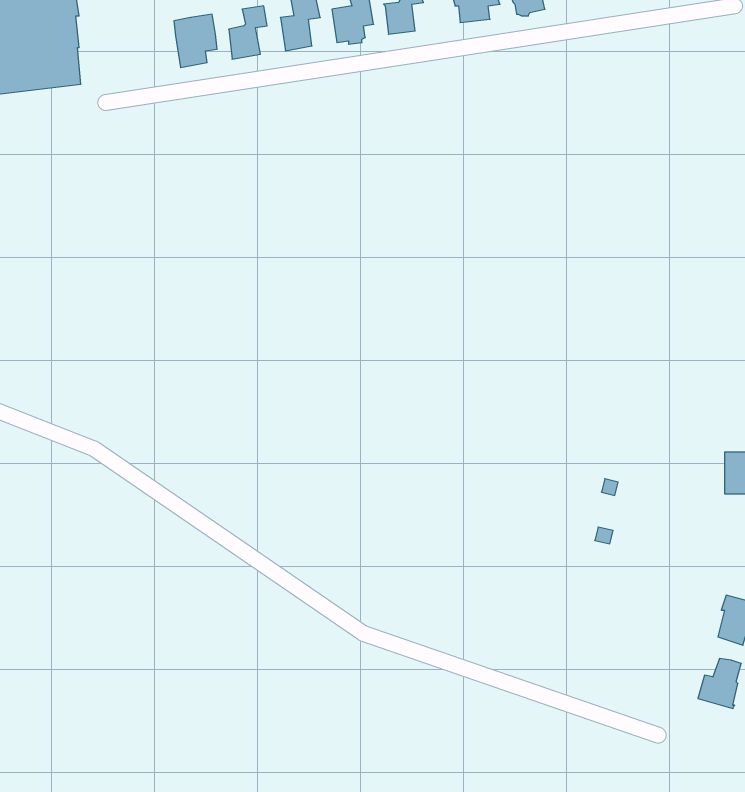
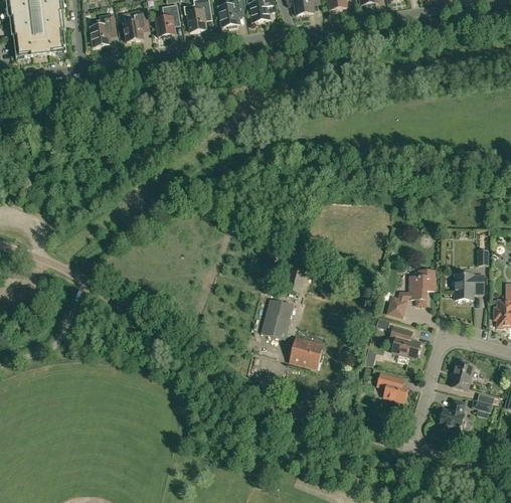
building: none -> [91,14,116,46]
building: none -> [388,270,435,316]
building: none -> [262,299,293,338]
building: none -> [390,326,420,363]
building: none -> [290,337,323,368]
building: none -> [377,373,408,401]

